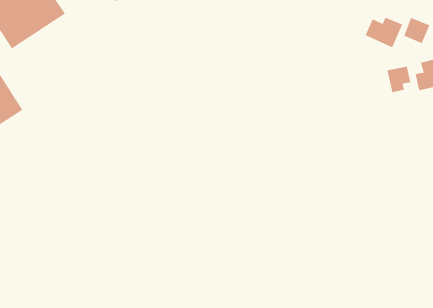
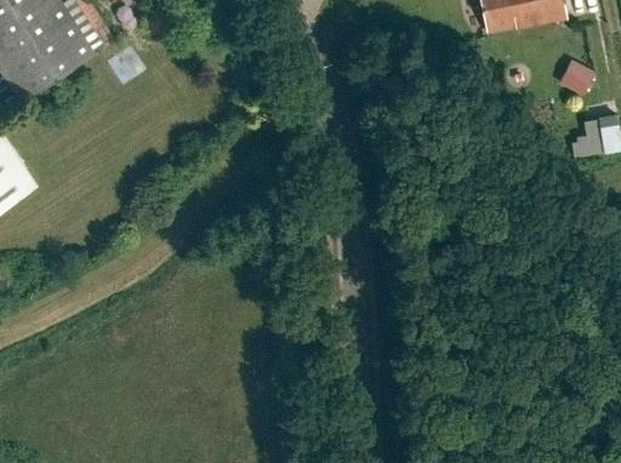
building: [365,17,403,48] -> none
building: [387,66,411,93] -> none

